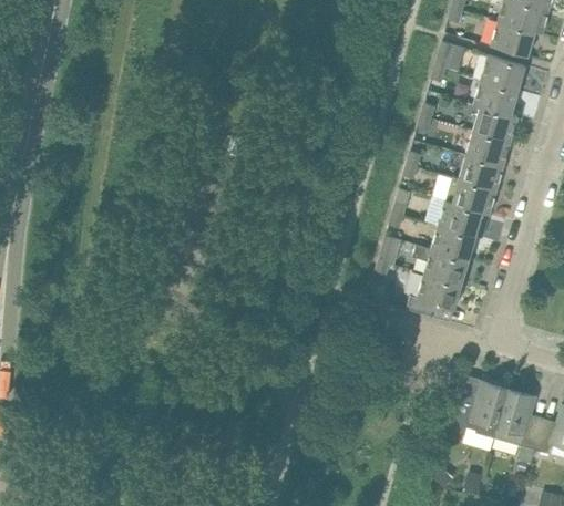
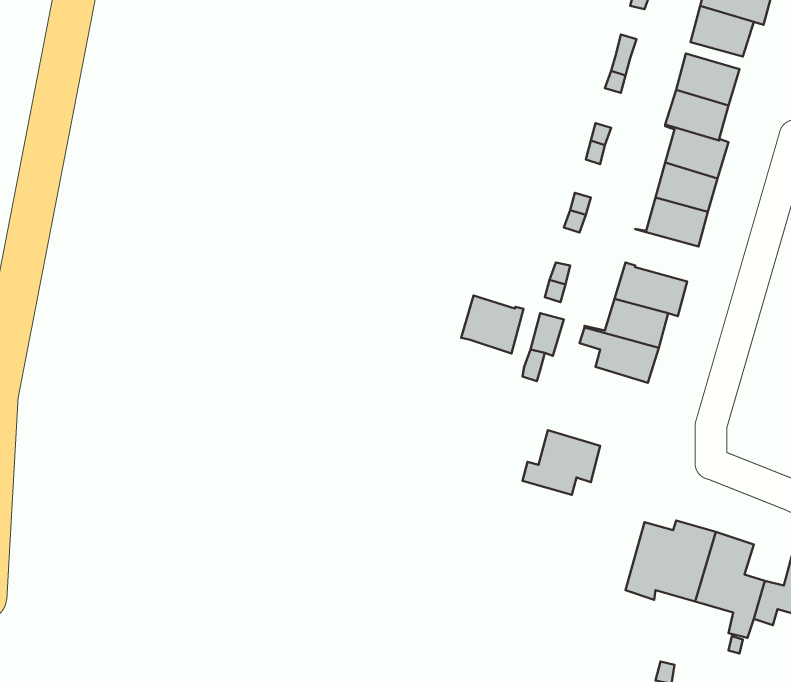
building: [447,176,498,213] -> none
building: none -> [461,296,523,353]
building: [408,272,462,318] -> [523,430,600,495]

